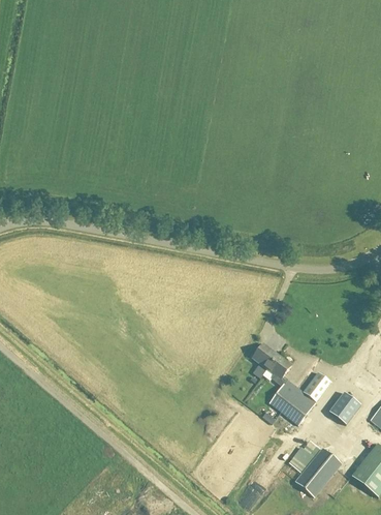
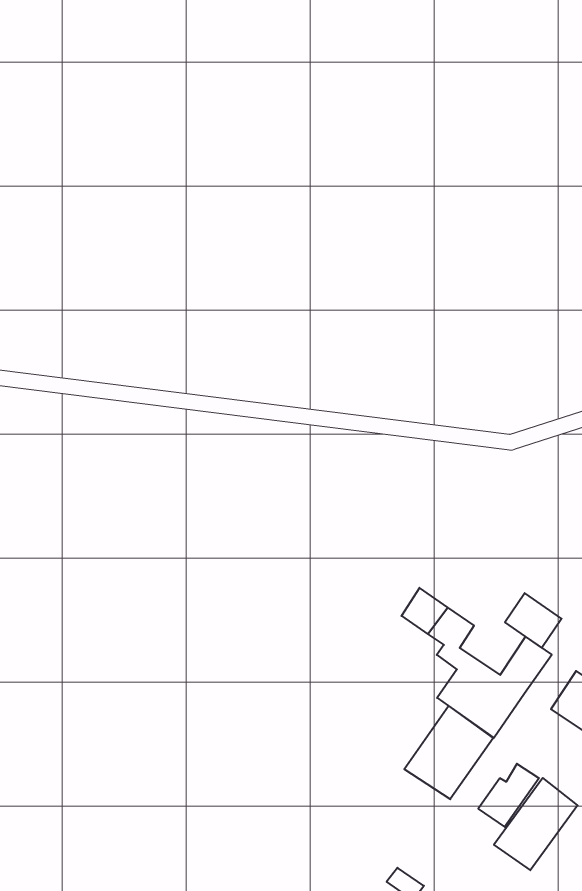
building: none -> [505,593,562,648]
building: none -> [404,706,493,799]

